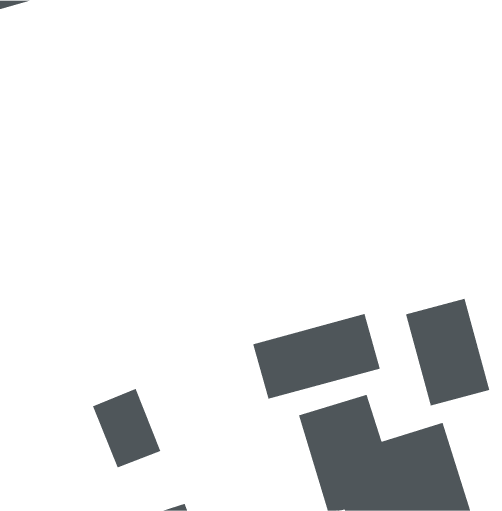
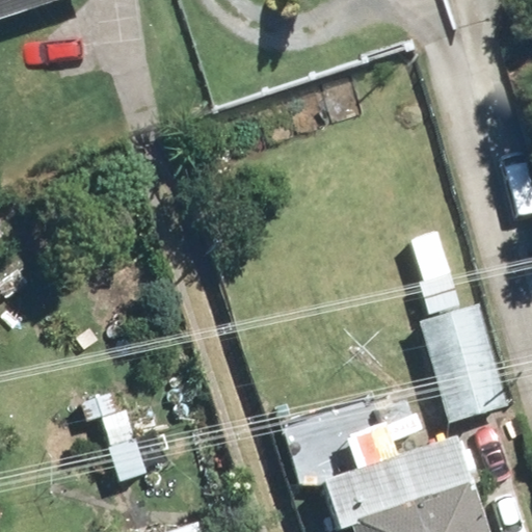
building: [252,313,380,400] -> none

